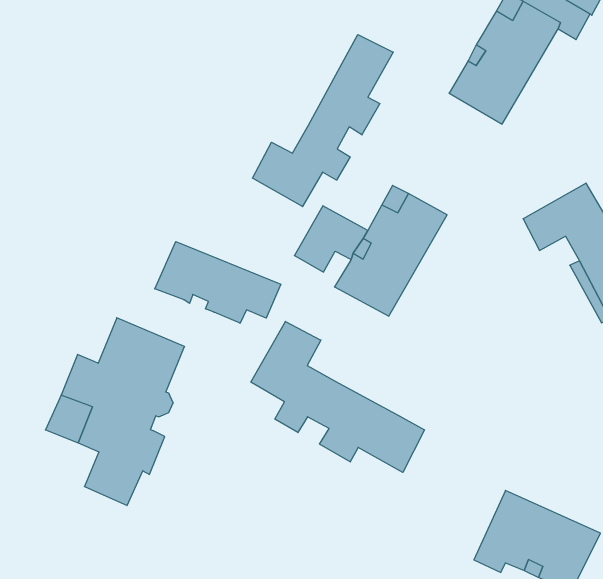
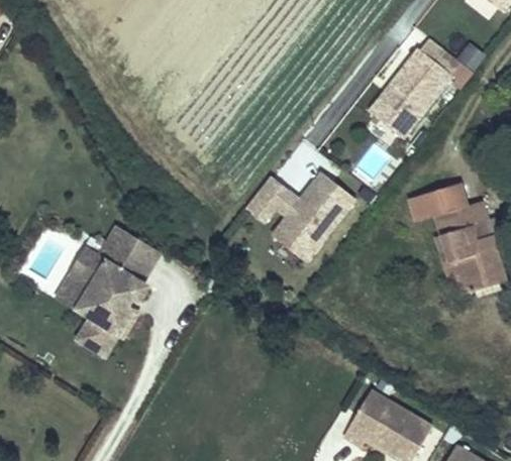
building: [252,35,393,207] -> none
building: [155,242,281,323] -> none
building: [251,321,424,472] -> none

